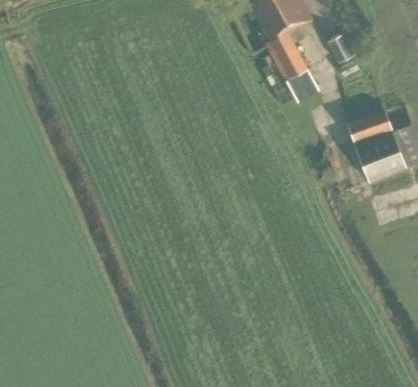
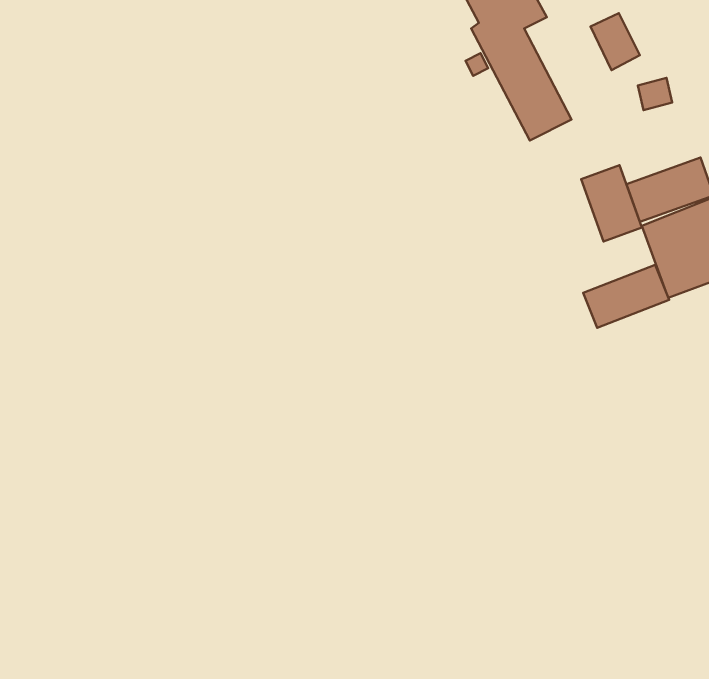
building: none -> [581,165,642,241]
building: none -> [583,265,669,328]

